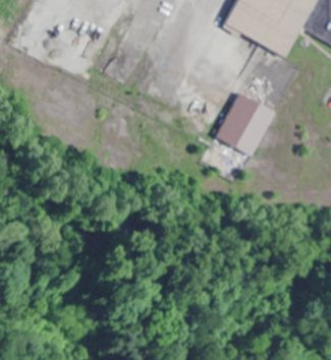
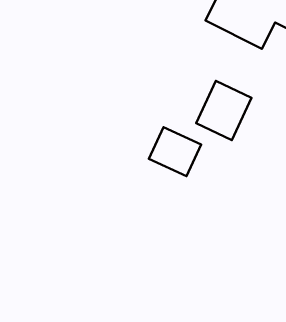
building: none -> [149,127,201,176]

